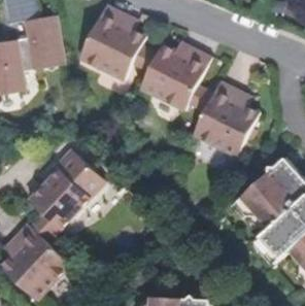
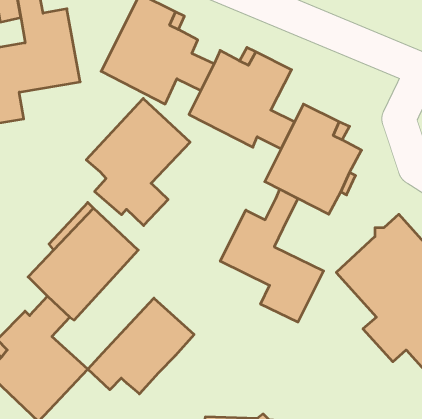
building: none -> [86,98,190,226]
building: none -> [220,189,324,322]
building: none -> [88,298,194,394]

